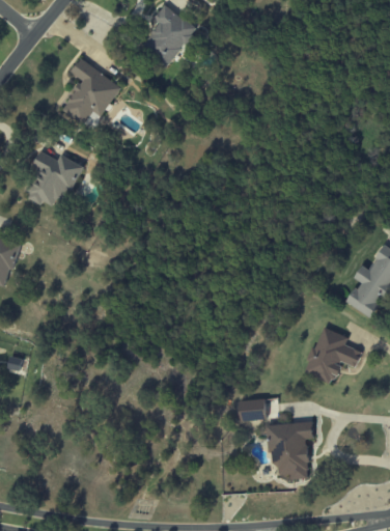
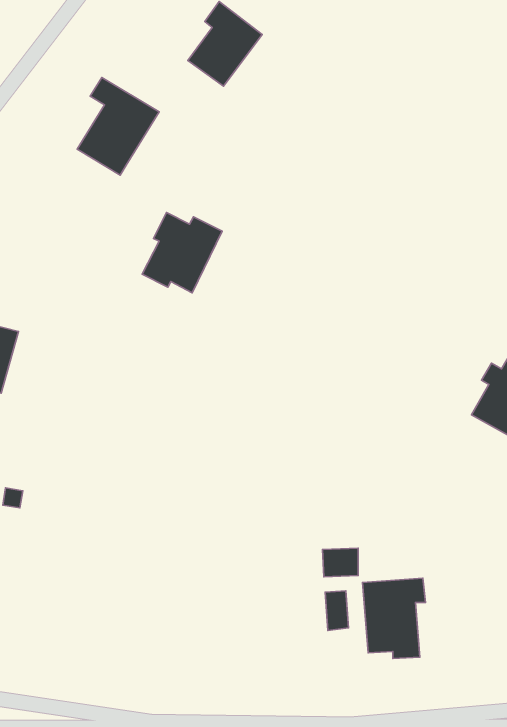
building: [23,150,81,208] -> [142,213,222,293]
building: [304,326,361,382] -> none
building: none -> [325,591,349,631]

